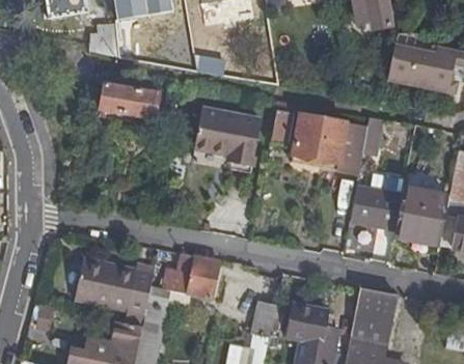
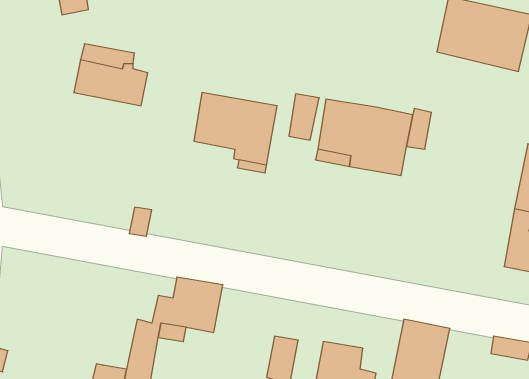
building: [350,188,381,225] -> none
building: [393,189,446,246] -> none
building: [73,259,155,327] -> none

